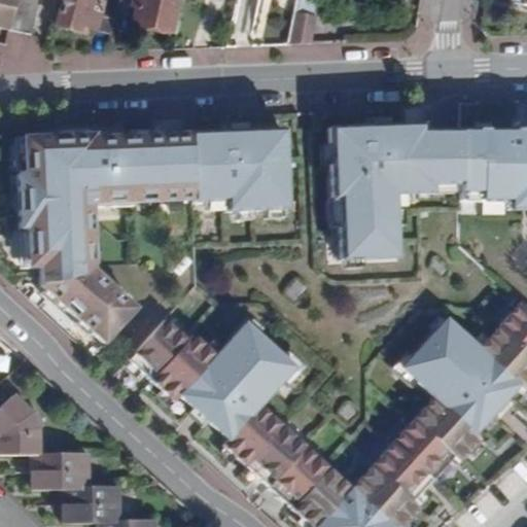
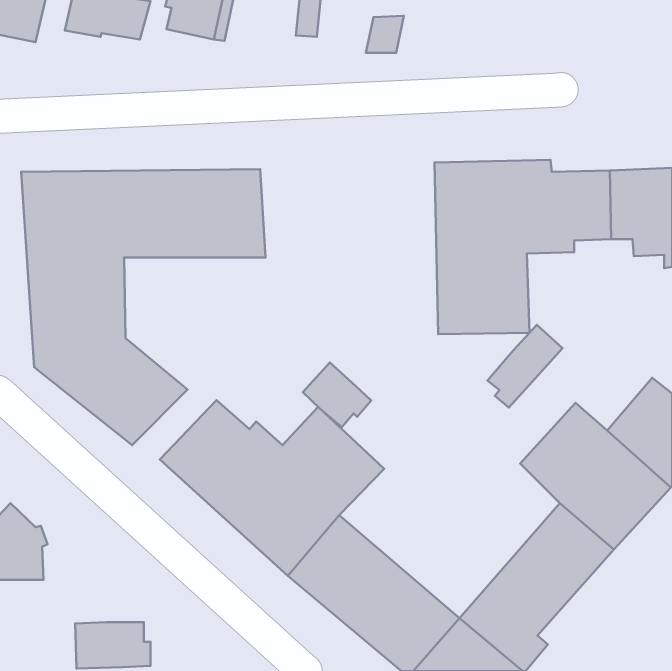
building: [203,127,300,213] -> none
building: none -> [488,325,563,407]
building: none -> [303,362,371,427]
building: [28,451,83,486] -> none

